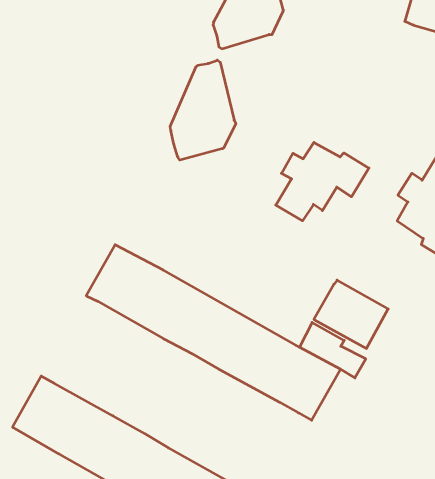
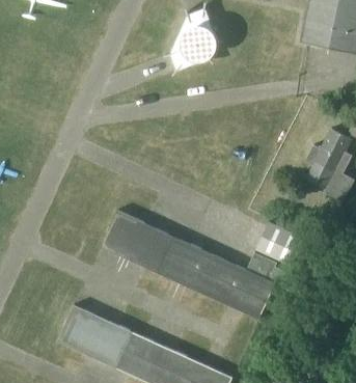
building: [170,60,236,160] -> none
building: [276,142,369,221] -> none

